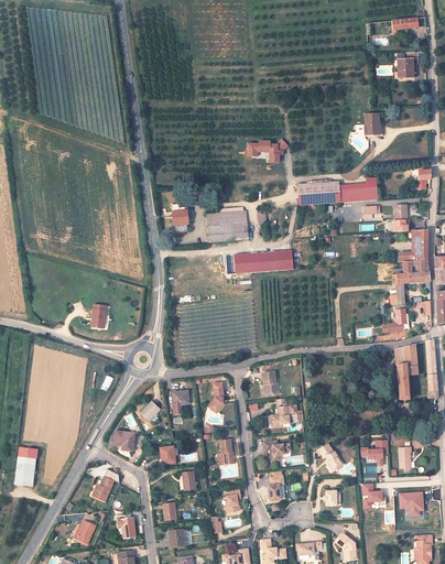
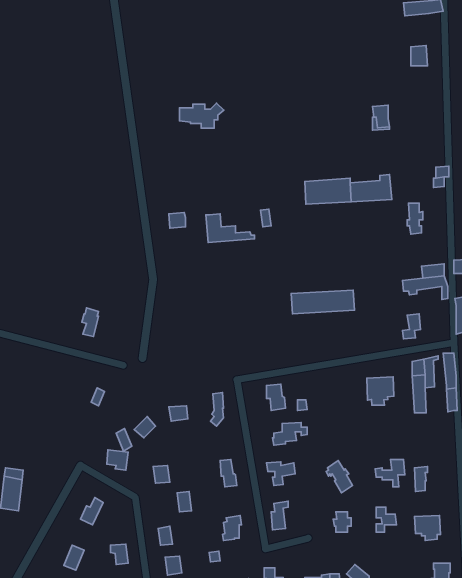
building: [246,139,286,162] -> [180,103,224,128]
building: [208,207,247,230] -> none
building: [400,229,426,259] -> none
building: [235,250,293,272] -> [291,290,354,314]
building: none -> [367,377,394,405]

